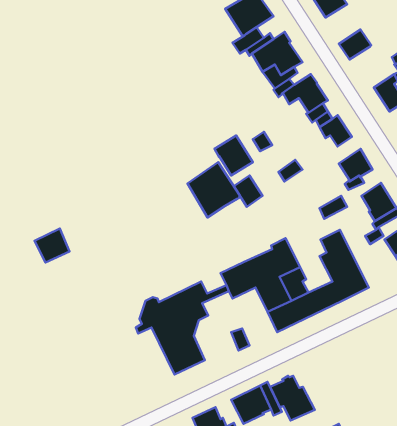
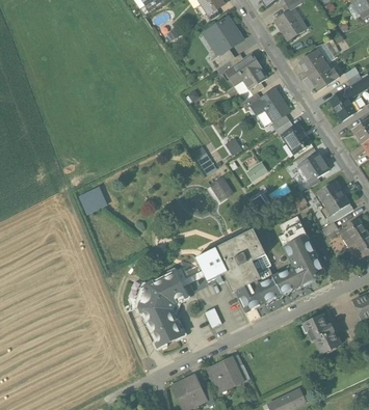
building: none -> [309,64,341,90]
building: [188,162,240,217] -> none
building: [35,229,70,262] -> [78,186,108,215]
building: [270,376,315,421] -> [302,315,341,353]

